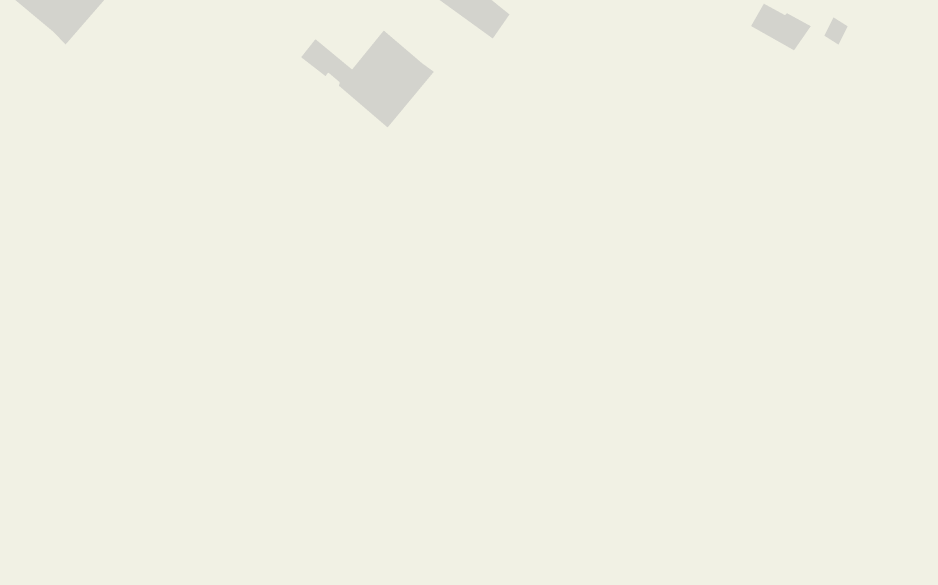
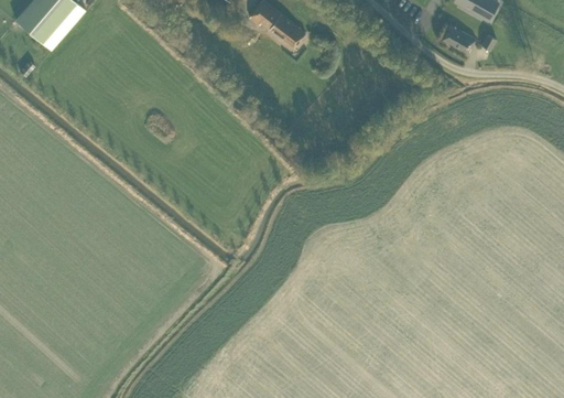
building: [300,30,435,128] -> none

